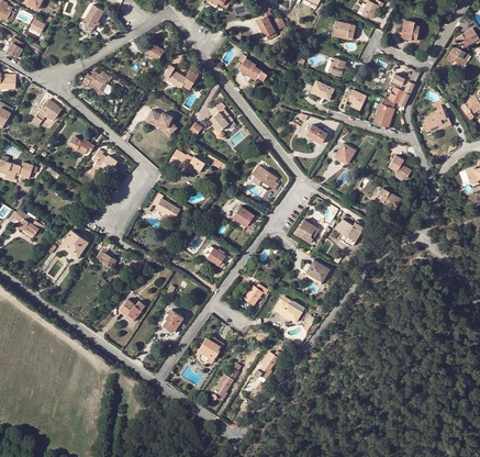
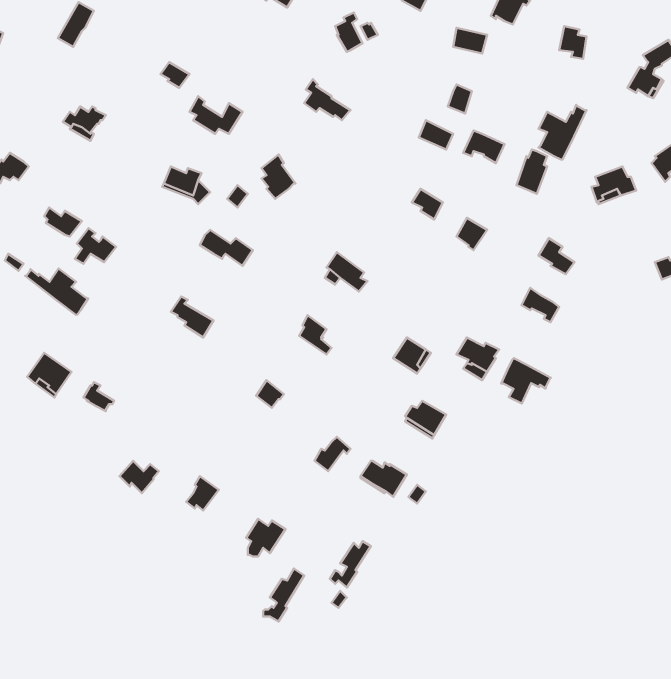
building: none -> [25,268,88,315]
building: none -> [501,358,551,404]

